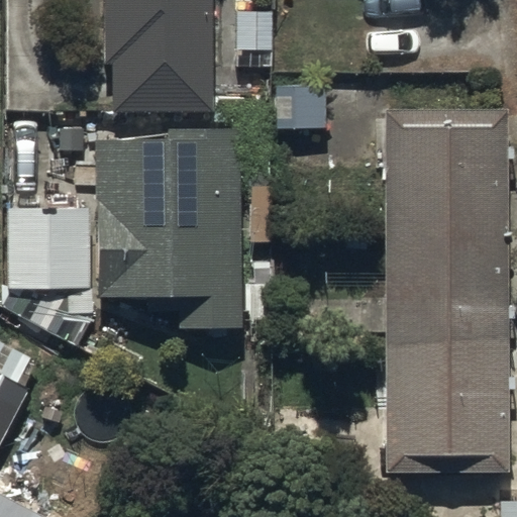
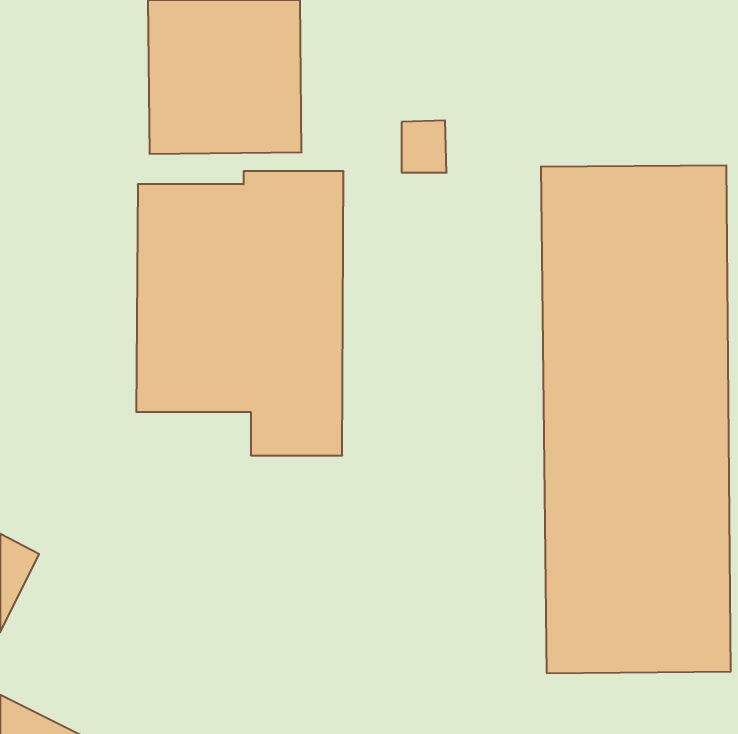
building: [9,206,90,289] -> none

